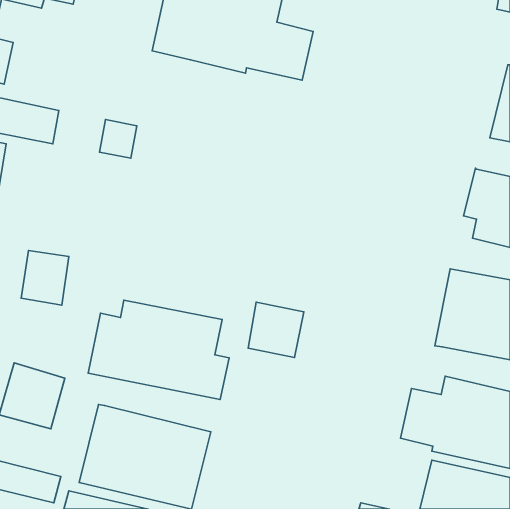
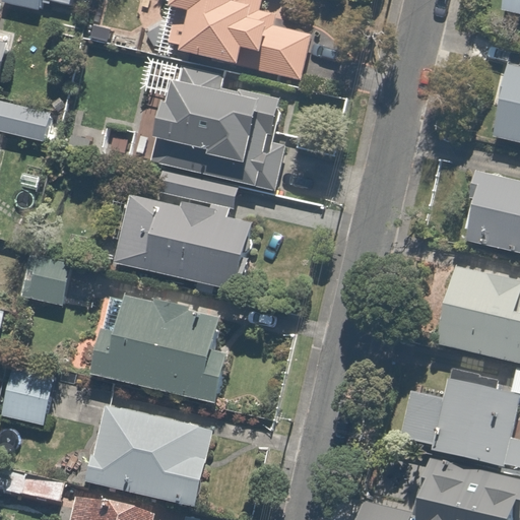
building: none -> [139,57,288,182]
building: none -> [115,166,258,292]
building: [248,302,304,358] -> none

